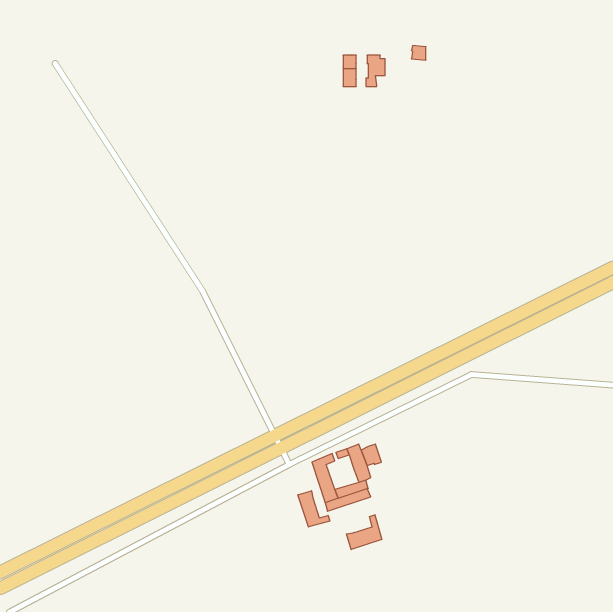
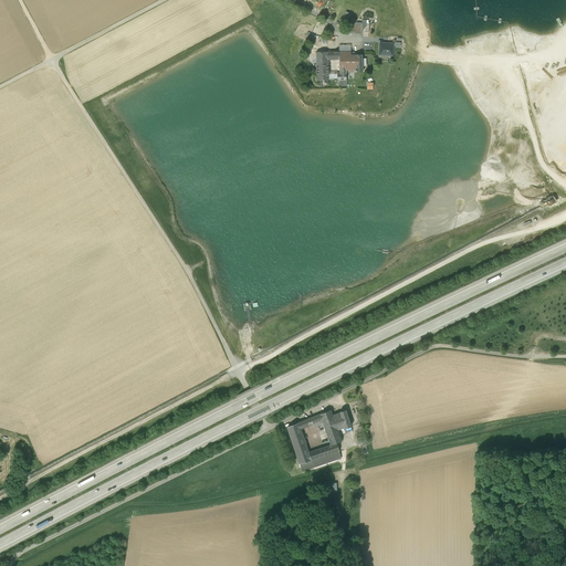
building: [298,491,330,527] -> none
building: [346,515,382,550] -> none

